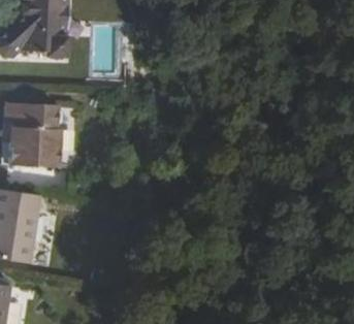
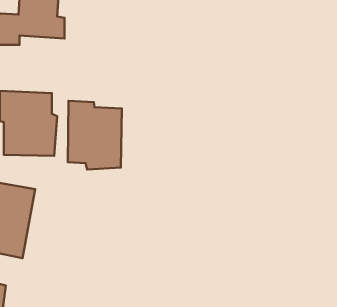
building: none -> [68,101,122,169]

